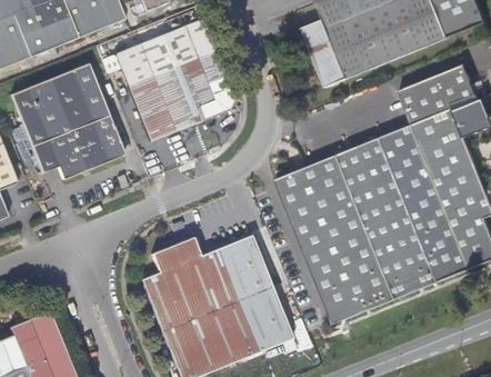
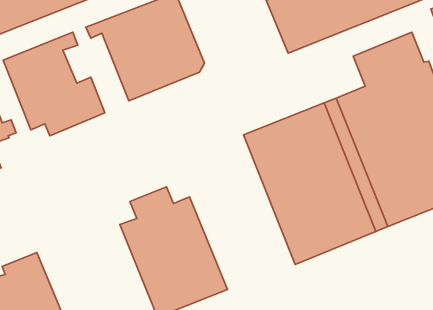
building: [76,78,107,120] -> none
building: [217,234,291,350] -> none

